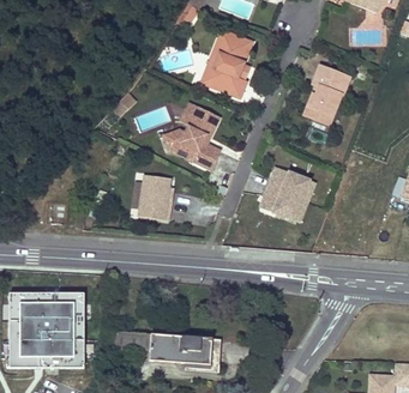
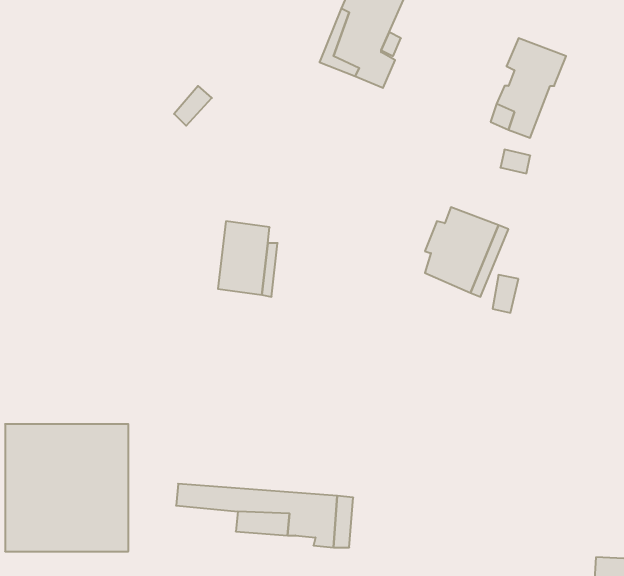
building: [163,104,219,165] -> none

